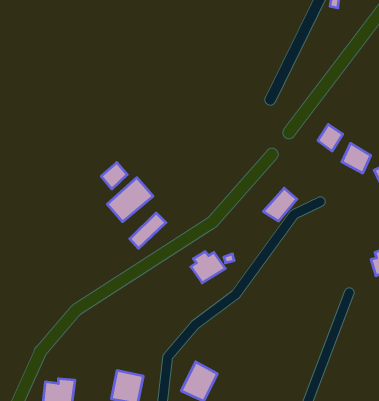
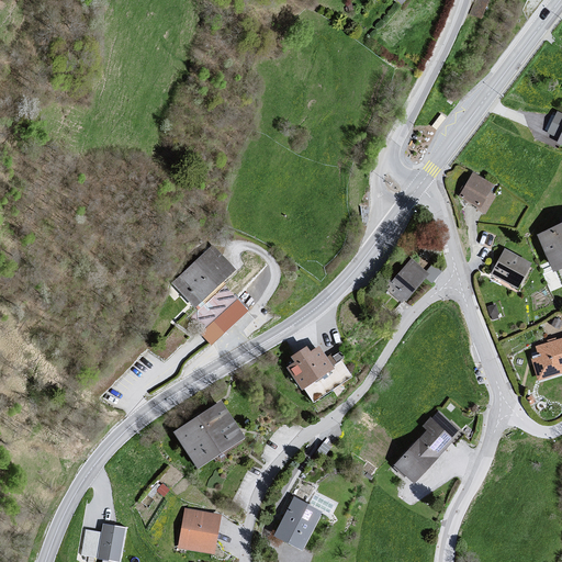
building: [342,143,371,173] -> [492,249,531,290]
building: [101,162,127,189] -> none
building: none -> [171,403,244,469]
building: none -> [393,411,460,484]

